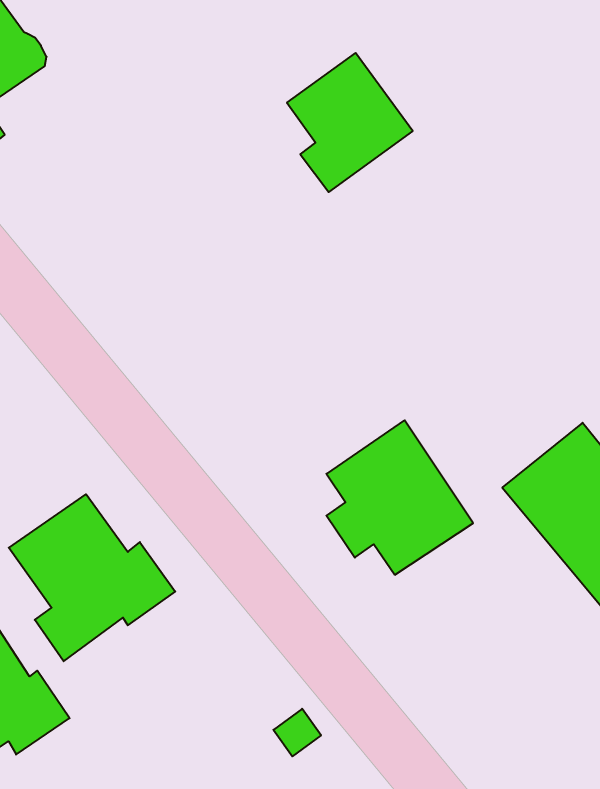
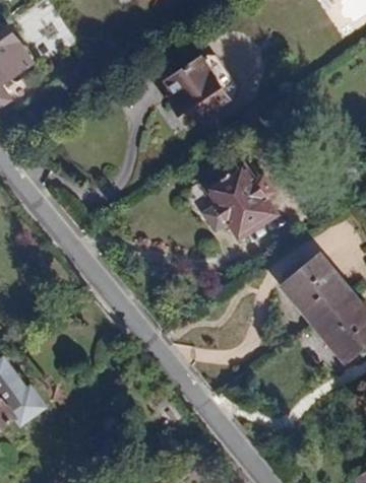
building: [326,420,473,575] -> [200,158,279,240]
building: [9,494,175,661] -> none

